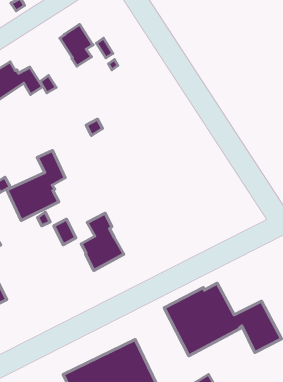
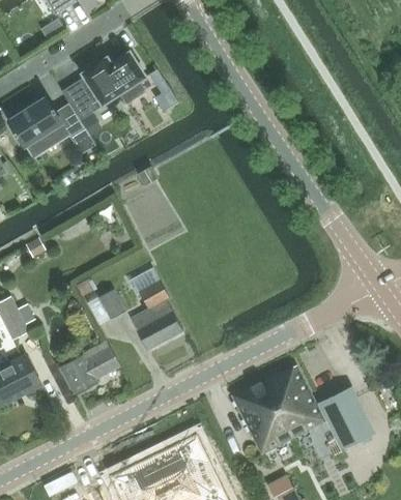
building: none -> [62,57,121,119]
building: [7,150,65,221] -> none
building: none -> [60,342,120,394]

